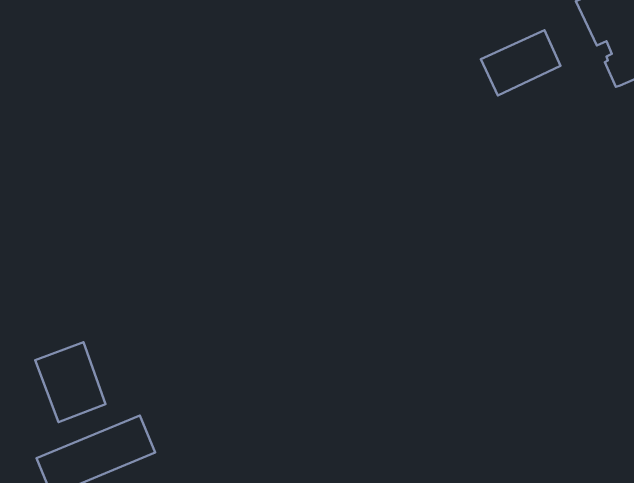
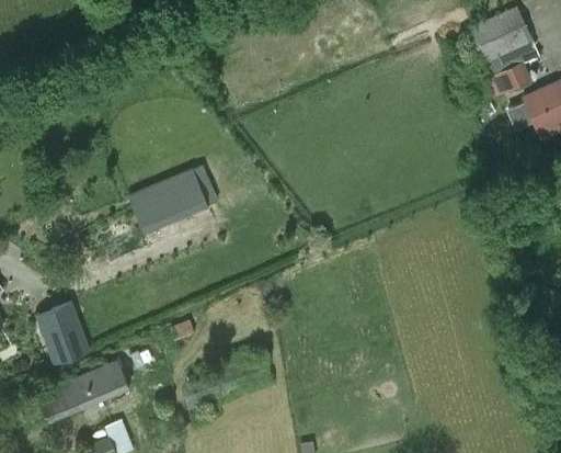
building: [481,30,561,96] -> none
building: none -> [128,168,210,235]

